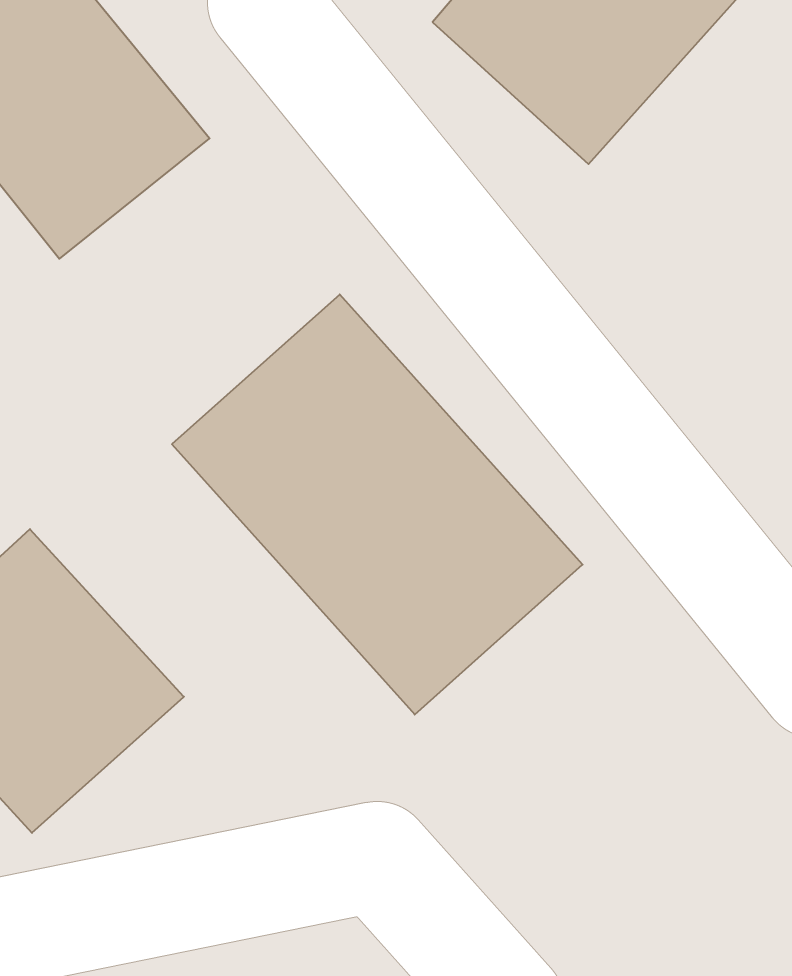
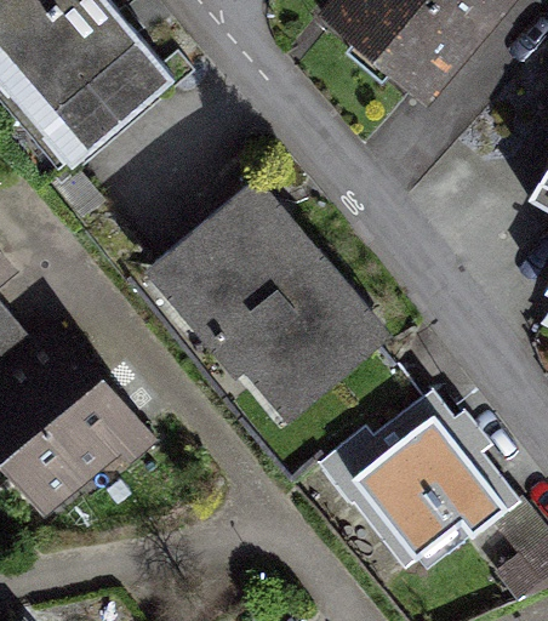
building: none -> [315,394,514,571]

